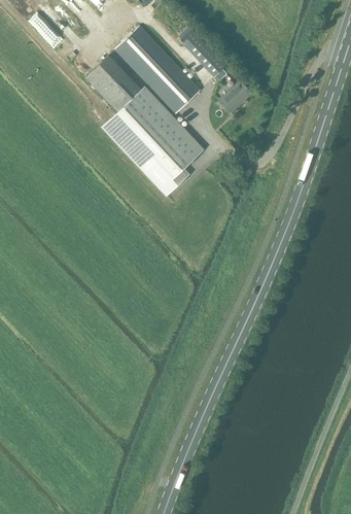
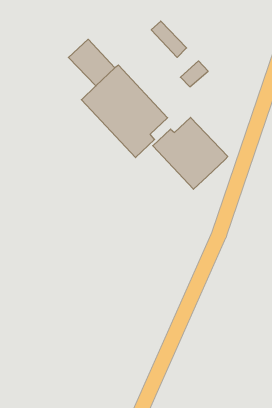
building: [115,26,201,113] -> none
building: none -> [153,117,228,189]

